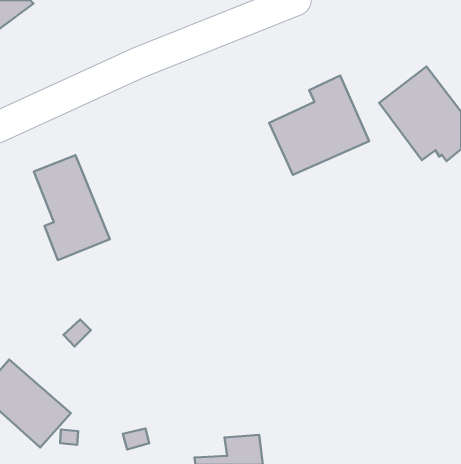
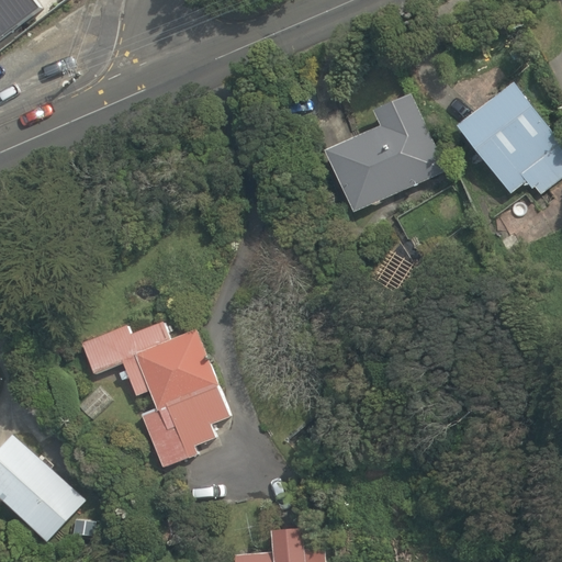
building: [34,155,110,260] -> none
building: none -> [80,322,229,468]

